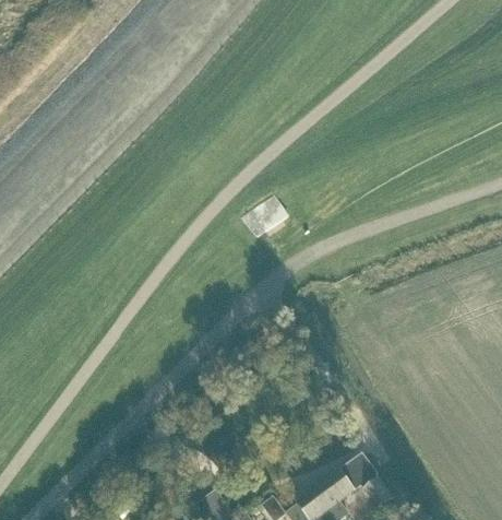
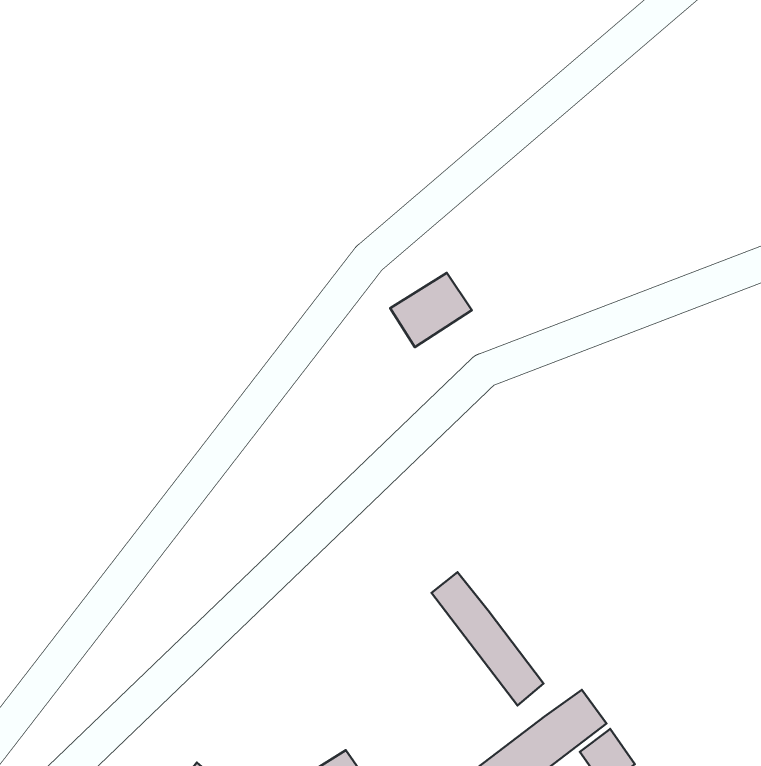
building: none -> [431,572,544,706]

